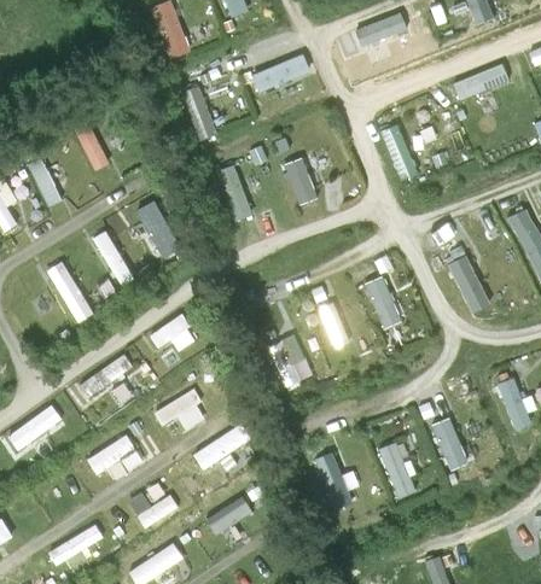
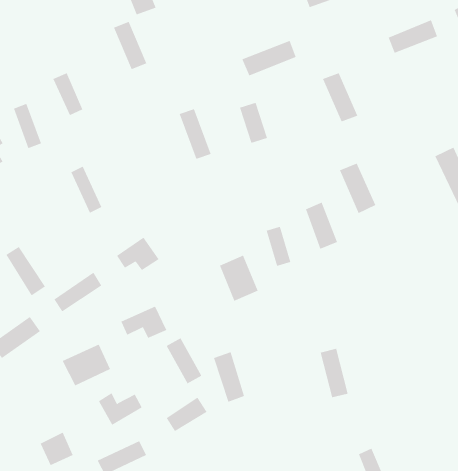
building: [252,54,315,95] -> [241,40,297,76]
building: [182,87,221,142] -> [113,21,147,70]
building: [141,205,185,263] -> none
building: [446,253,488,311] -> [339,163,376,214]
building: [47,264,93,321] -> [6,246,46,296]
building: [495,375,531,430] -> none
building: [430,415,464,468] -> none
building: [314,449,350,507] -> [213,352,245,403]

